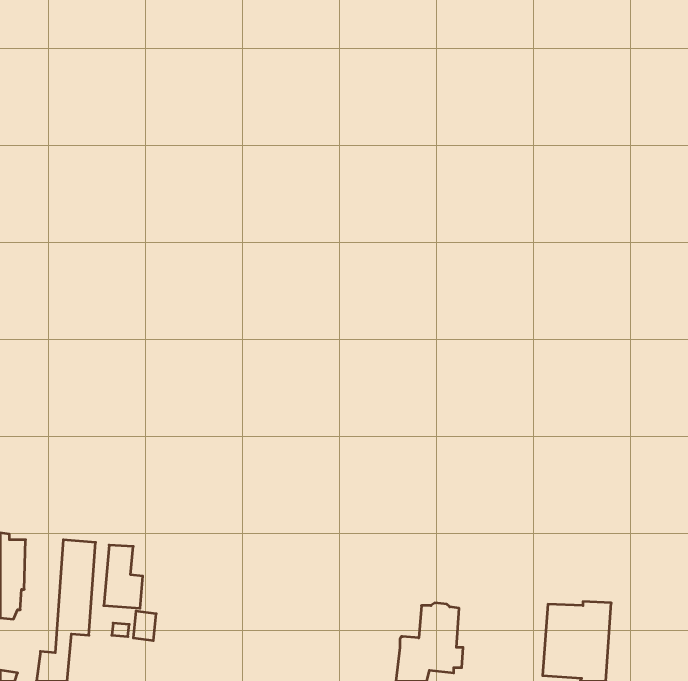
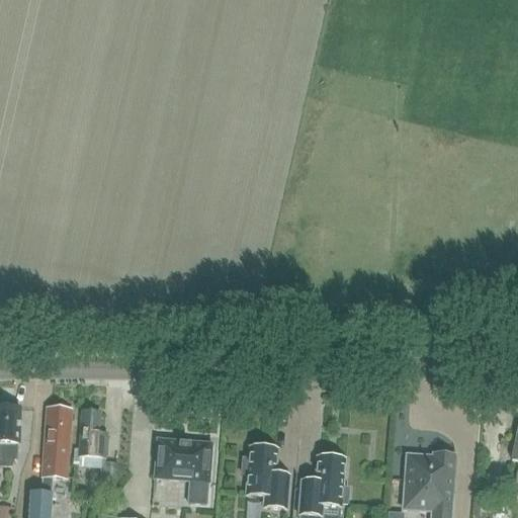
building: none -> [154,437,211,502]
building: none -> [242,444,289,508]

